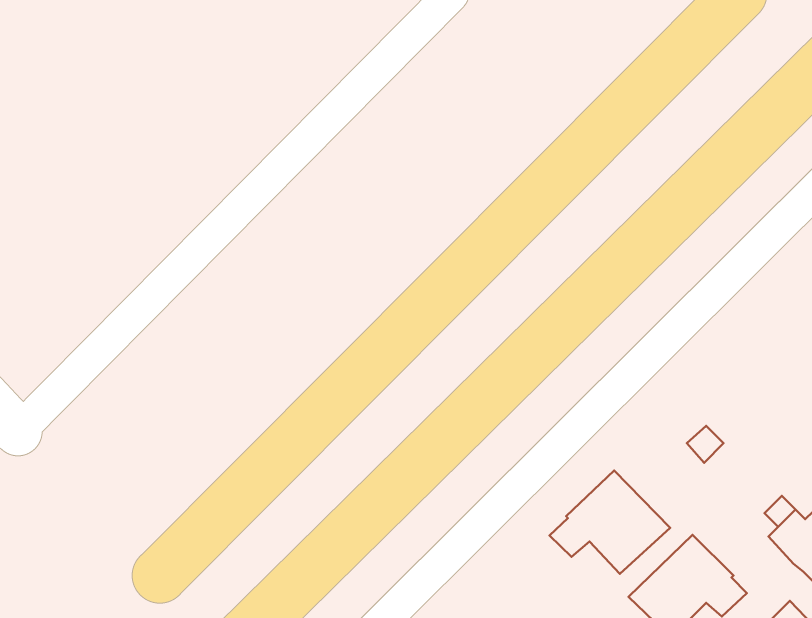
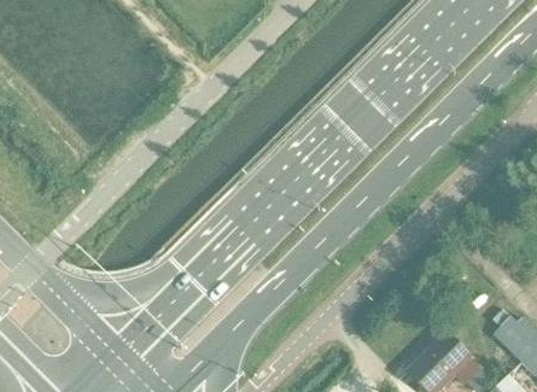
building: [549,470,670,574] -> none

